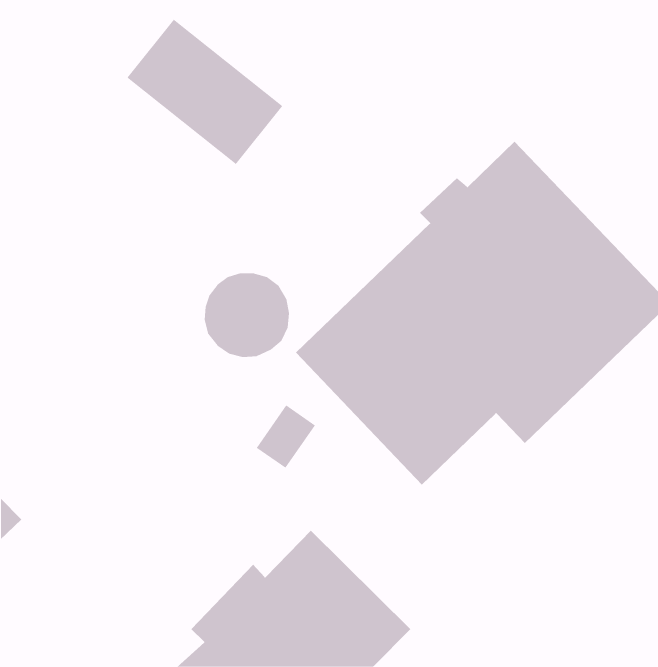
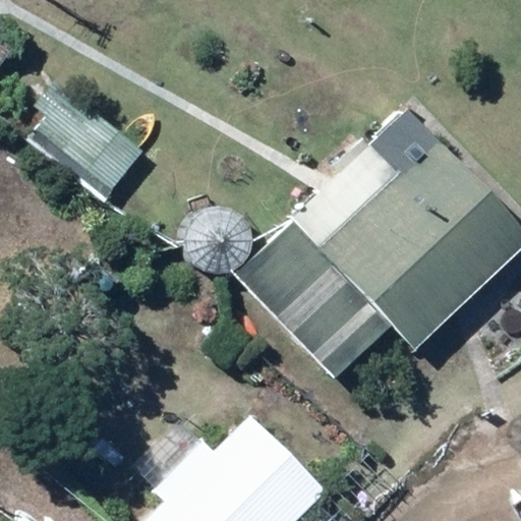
building: [127,19,283,165] -> [21,82,143,196]

